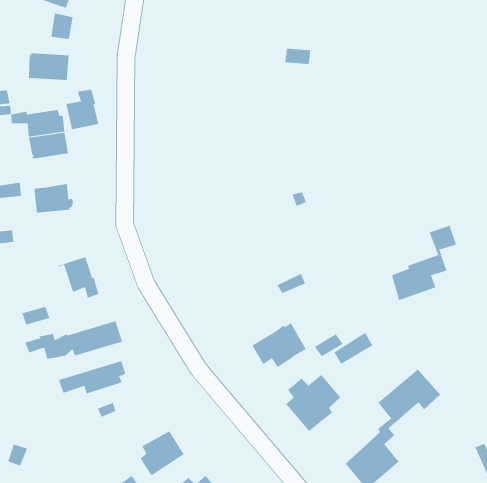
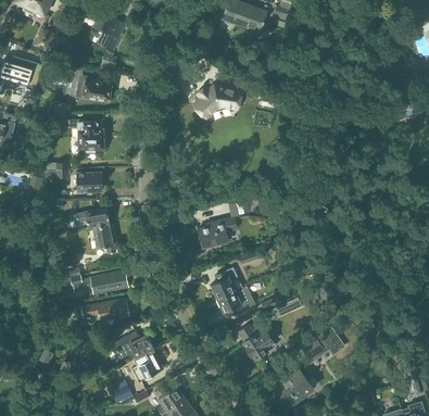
building: none -> [193,87,241,118]
building: [65,89,99,132] -> none
building: [391,225,457,301] -> [199,199,247,248]
building: none -> [74,210,110,229]
building: none -> [211,267,241,299]
building: none -> [113,332,155,361]

